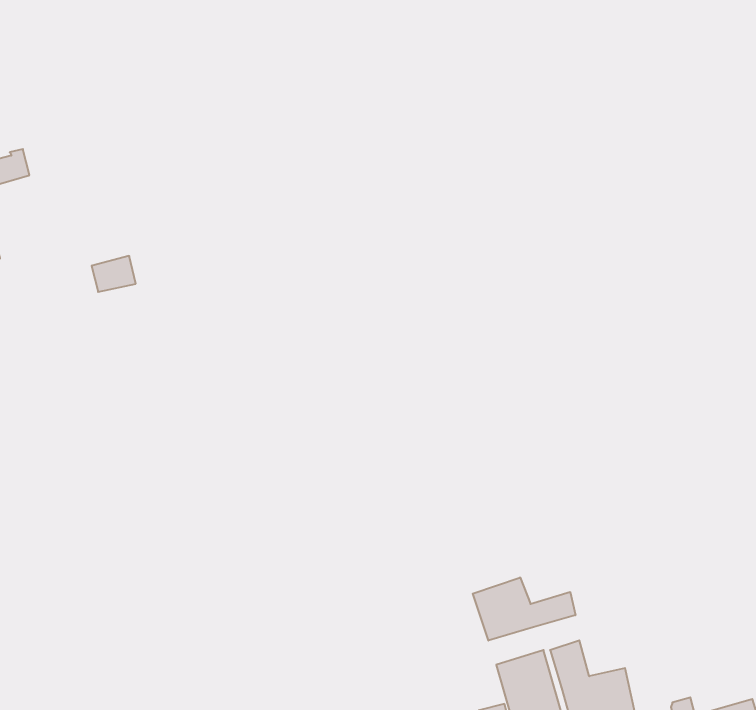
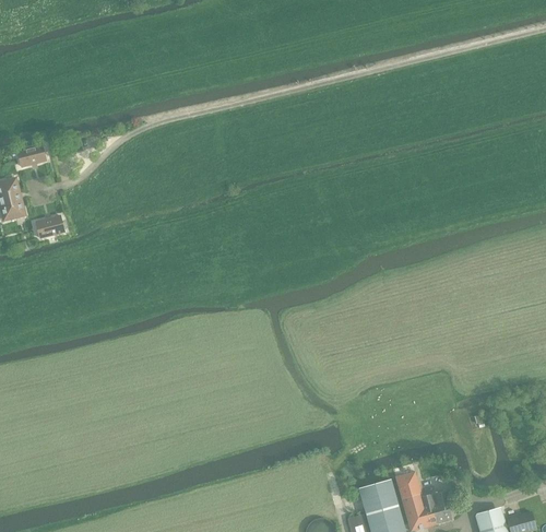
building: [92,256,136,292] -> [35,213,64,237]
building: [473,577,575,641] -> none

